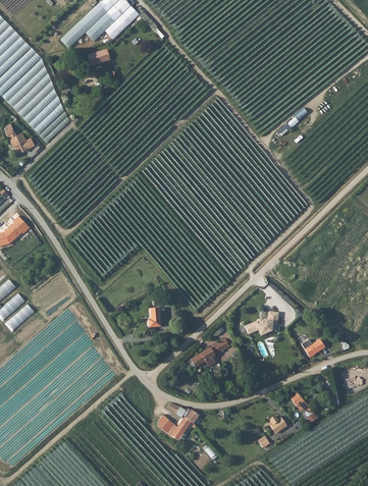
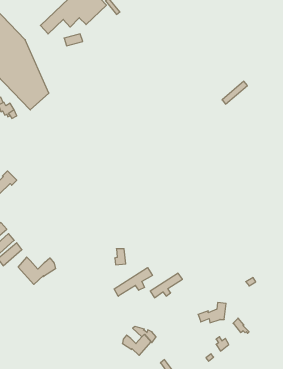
building: [245,310,278,334] -> [198,303,226,323]
building: none -> [18,257,55,284]
building: none -> [114,268,152,296]

